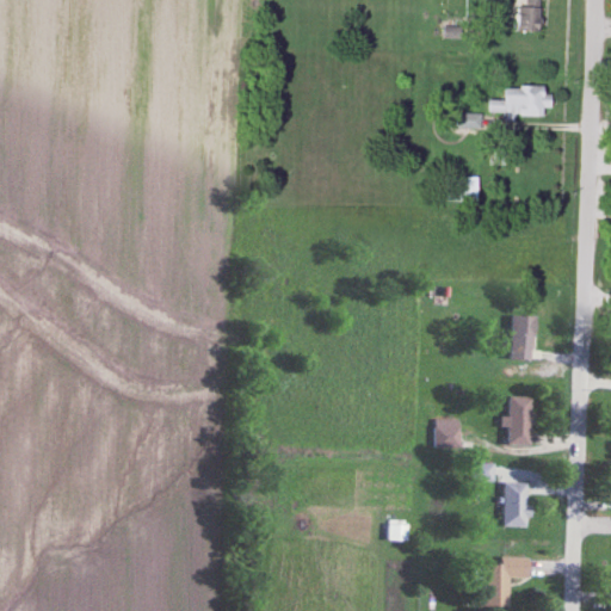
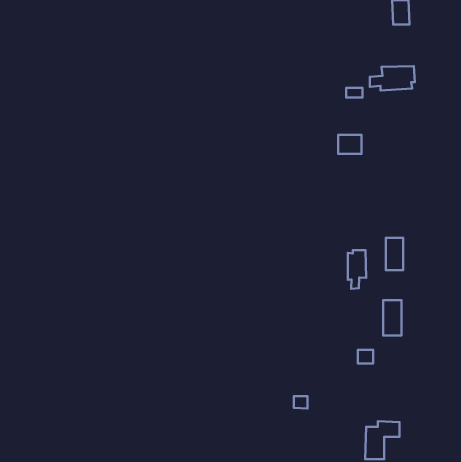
building: none -> [348,250,366,289]
building: [436,420,458,445] -> none
building: [504,482,529,525] -> none

